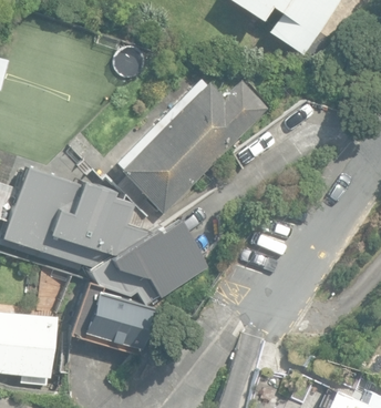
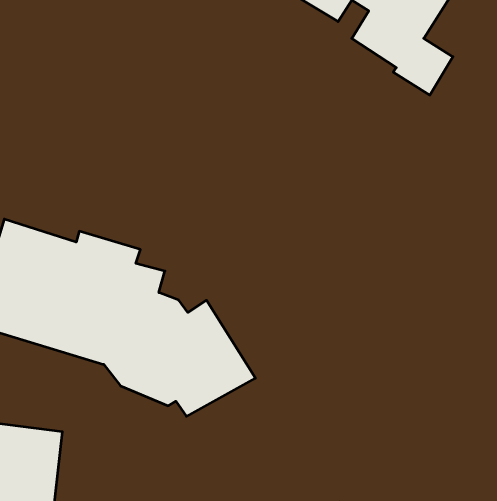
building: [119,78,269,213] -> none
building: [66,279,156,354] -> none

